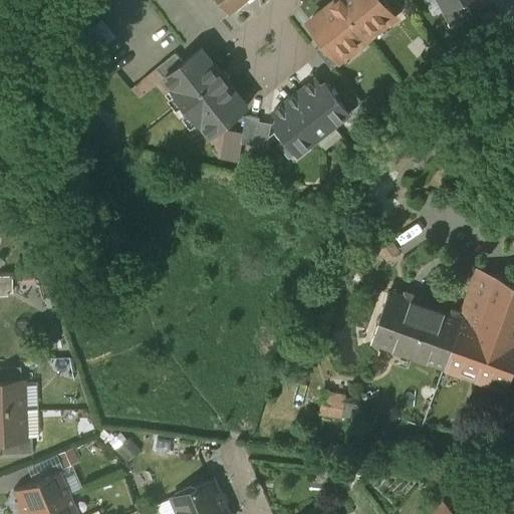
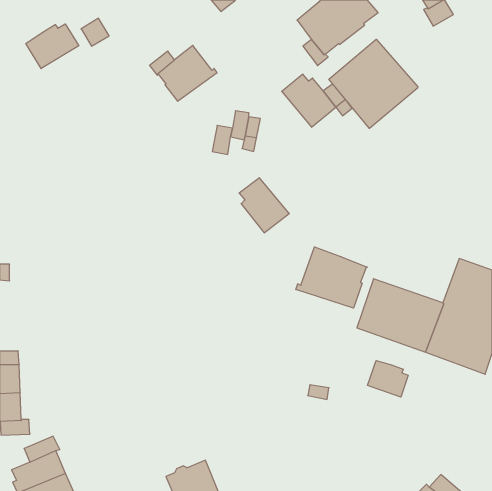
building: none -> [26,24,79,69]
building: none -> [329,39,418,128]
building: [185,77,247,138] -> none
building: [272,97,324,155] -> [239,178,289,233]
building: none -> [296,247,367,308]
building: none -> [368,361,408,397]

